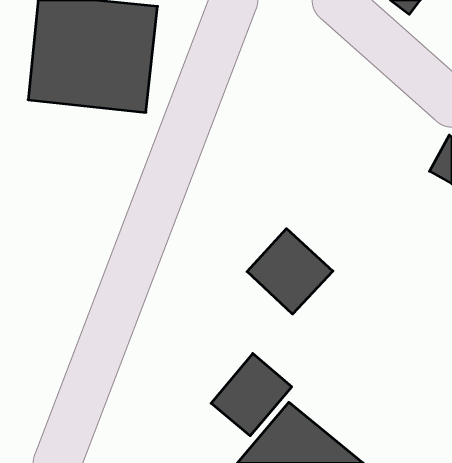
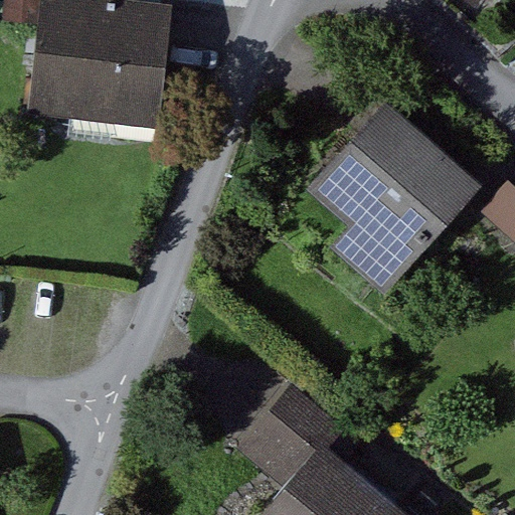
building: none -> [300,100,475,273]
building: [247,229,333,314] -> none

